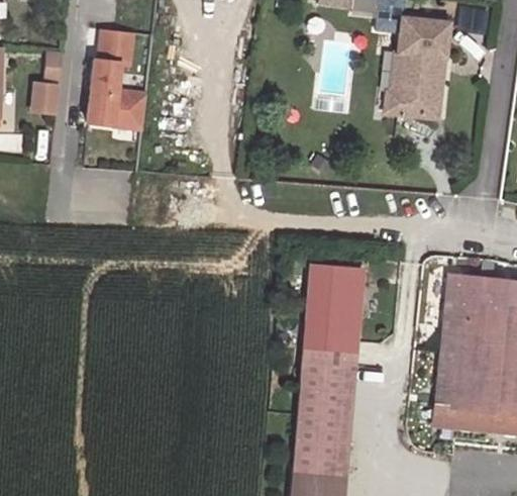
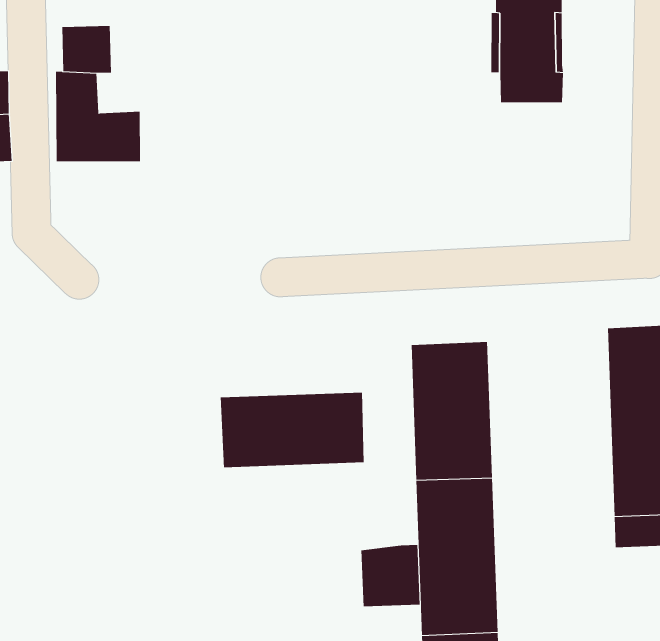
building: none -> [220,392,364,468]
building: none -> [361,544,420,607]

